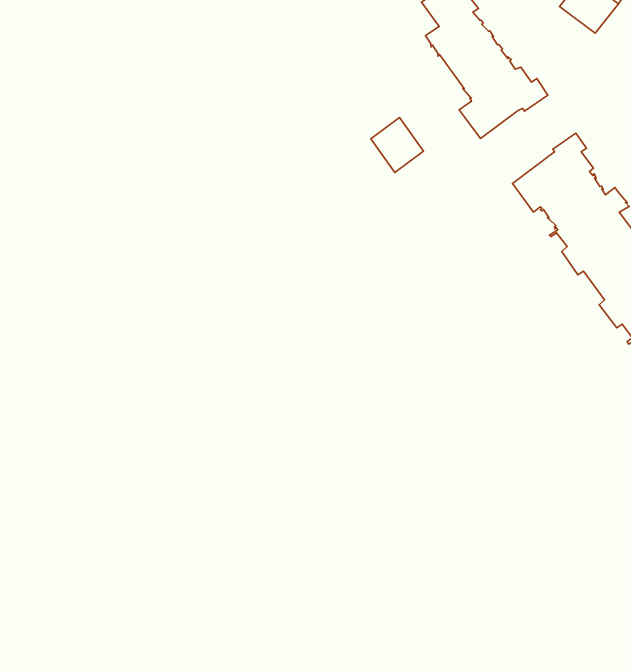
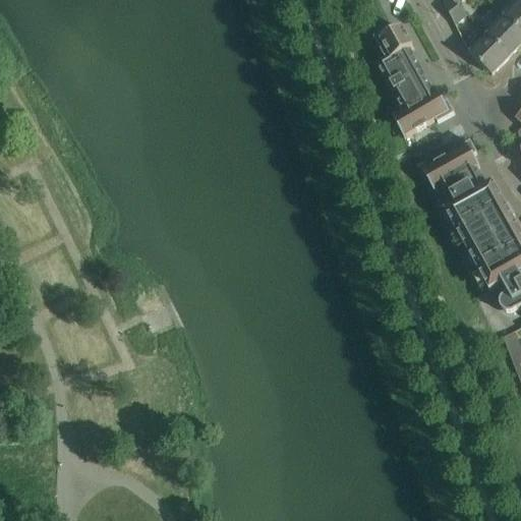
building: [371,117,423,173] -> none

